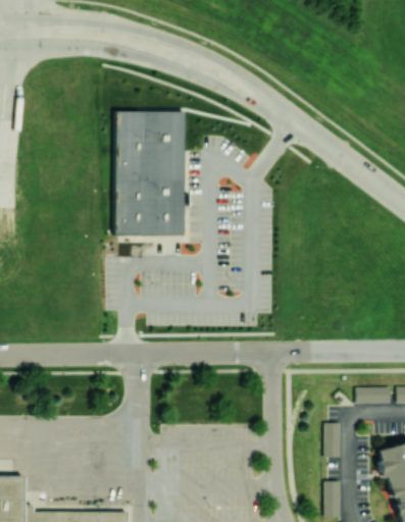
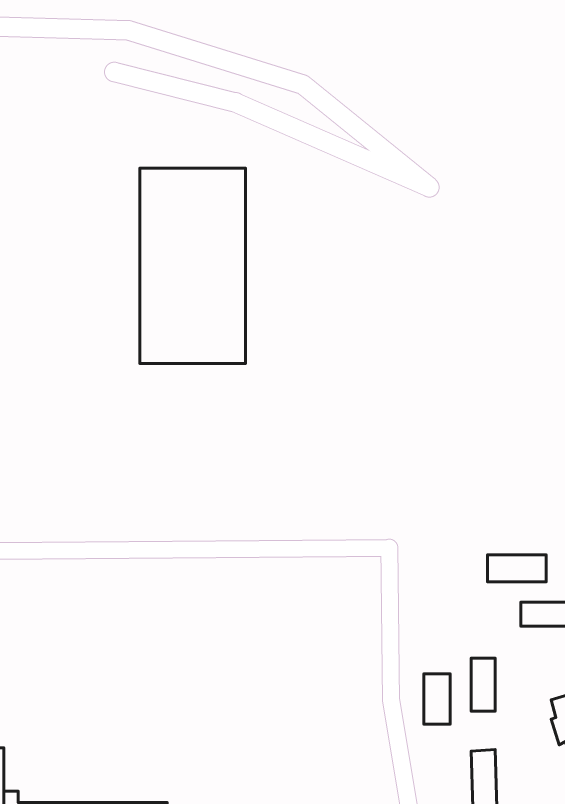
building: none -> [487,555,546,582]
building: none -> [424,674,450,724]

